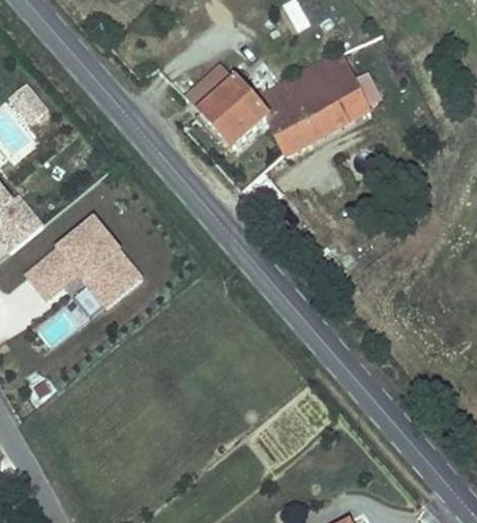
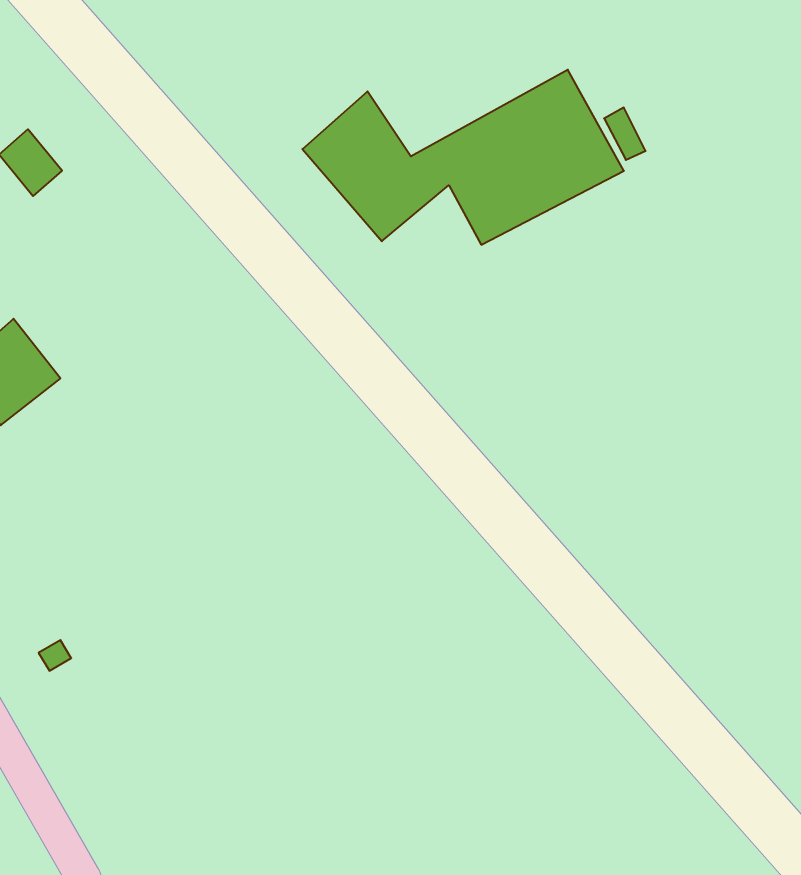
building: [30,220,143,308] -> none

